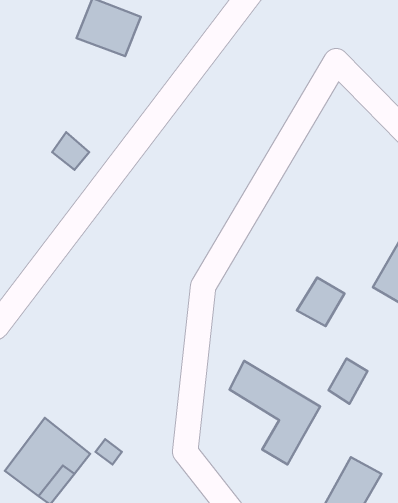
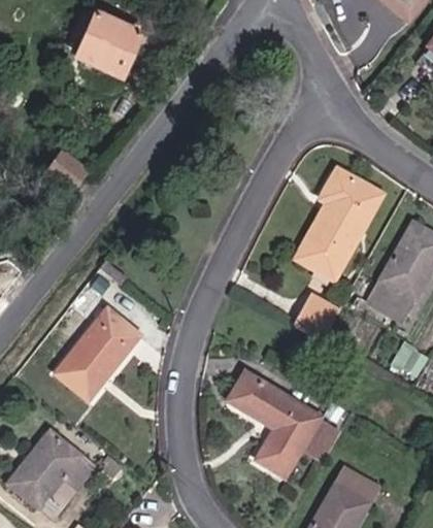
building: none -> [297,168,379,276]
building: none -> [54,307,136,396]
building: [328,358,367,404] -> [300,417,338,461]

